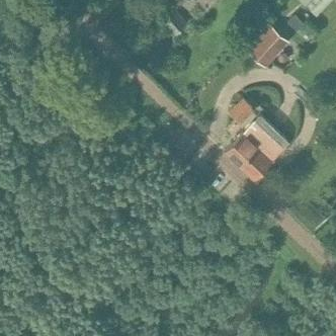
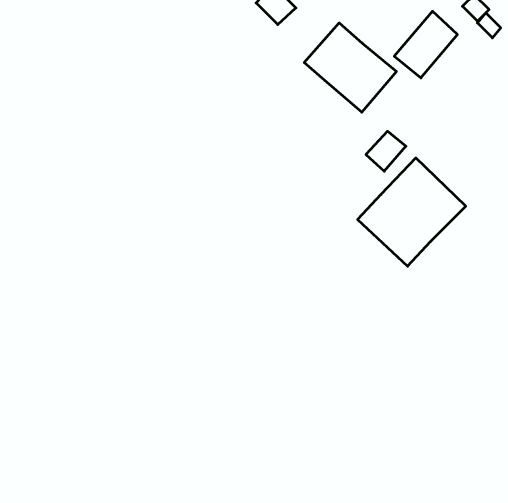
building: none -> [304,23,396,112]

